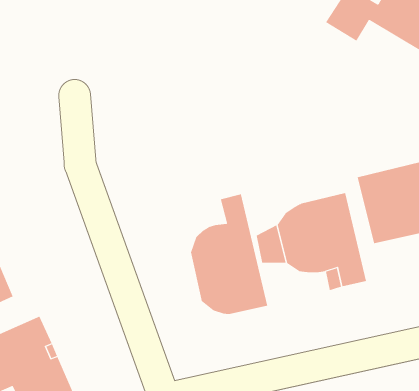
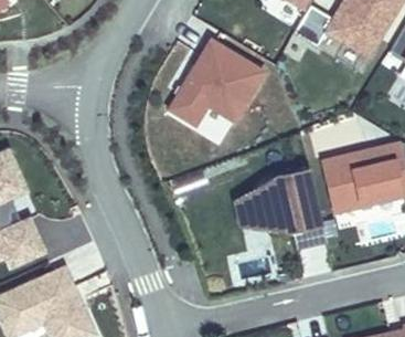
building: none -> [166,35,265,126]
building: [190,194,268,315] -> none

